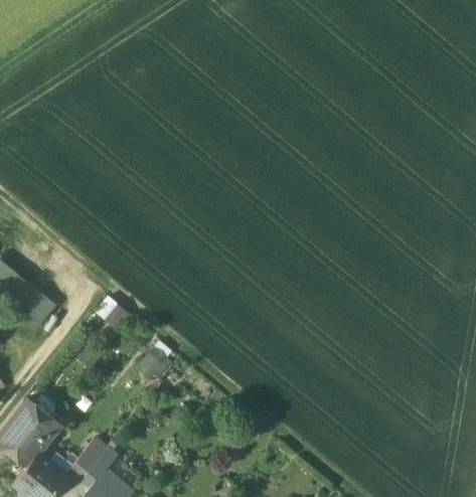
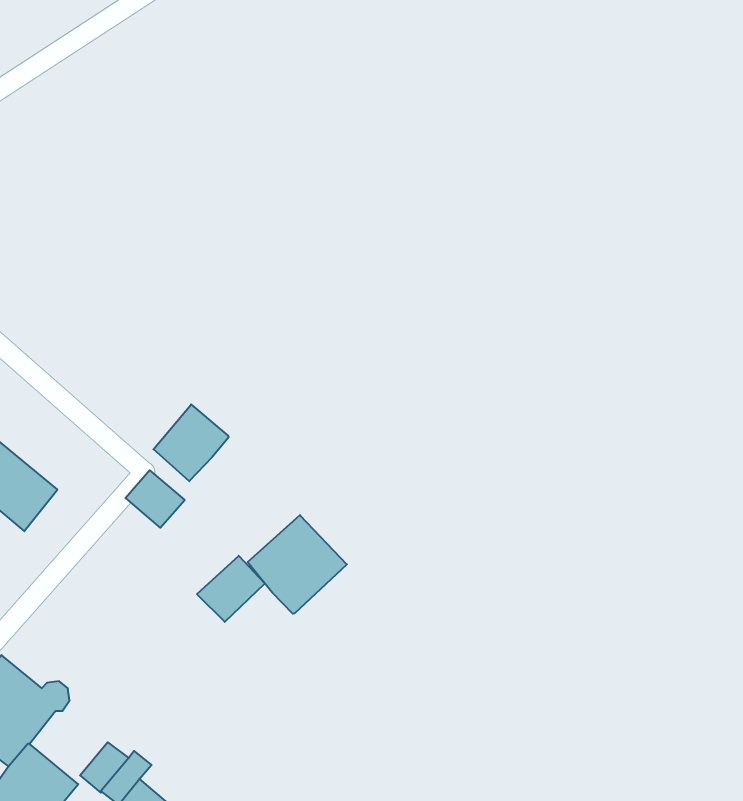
building: none -> [153,404,229,481]
building: none -> [248,515,347,614]

